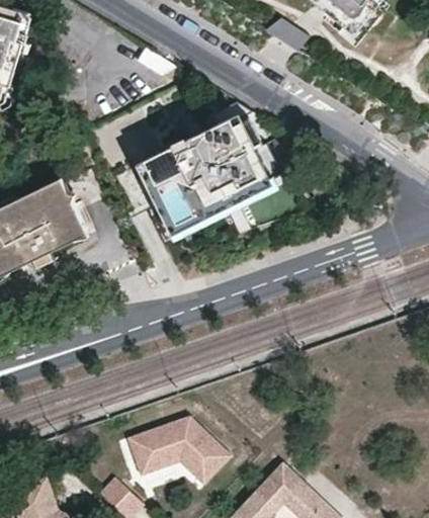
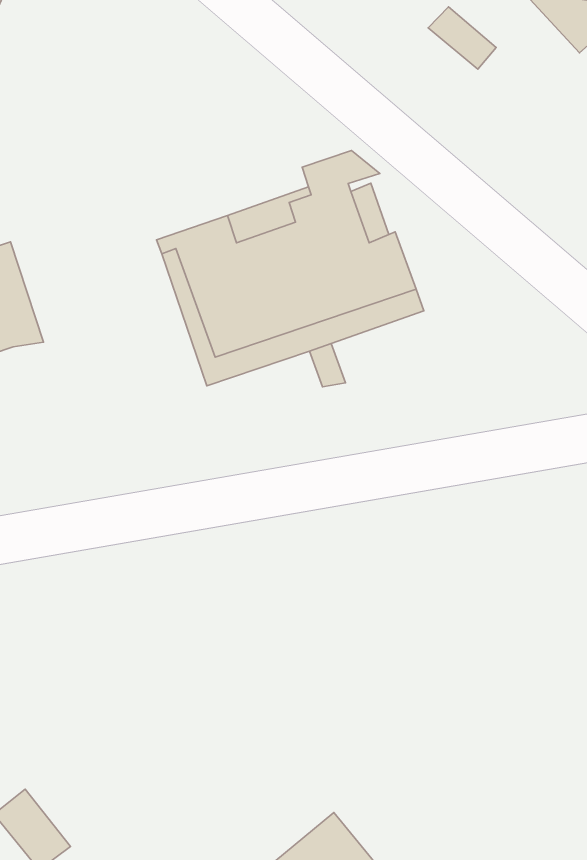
building: [121,415,225,482] -> none

